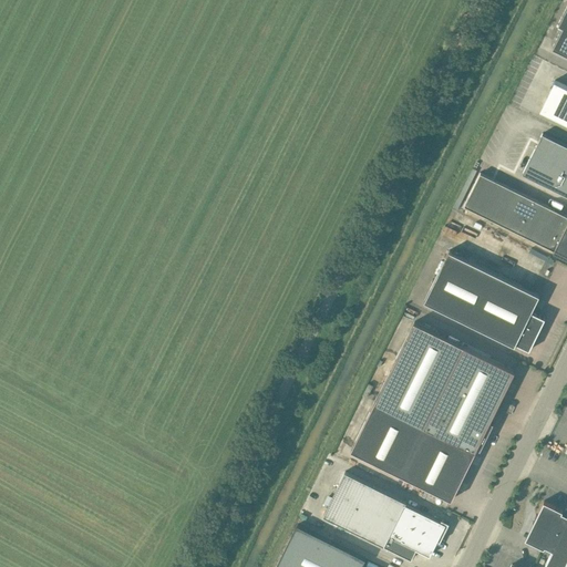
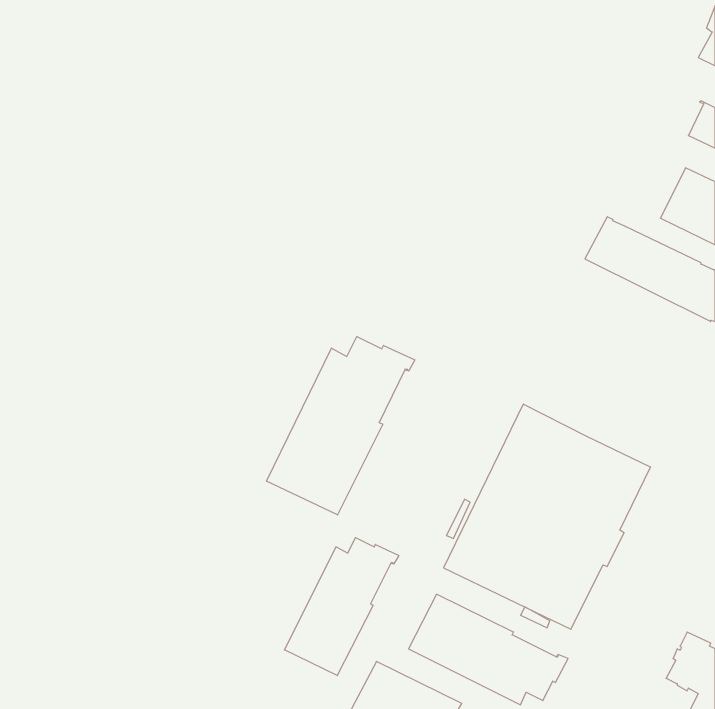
building: [424,255,545,353] -> none
building: none -> [267,337,415,515]
building: none -> [284,538,399,676]

